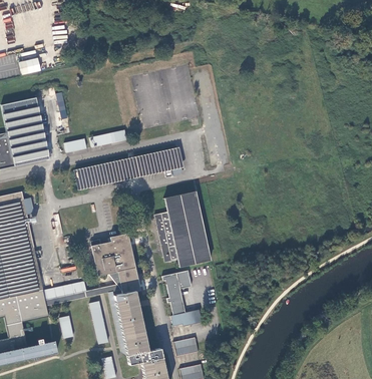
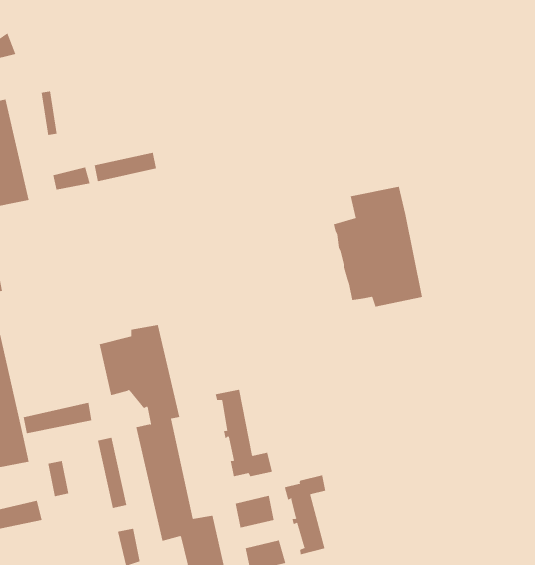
building: [74,144,180,191] -> none
building: [154,192,209,265] -> [333,186,423,307]
building: none -> [284,475,326,555]

